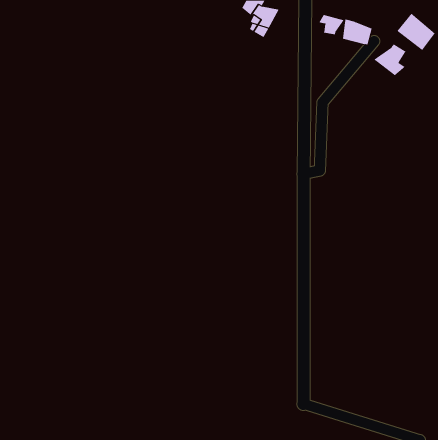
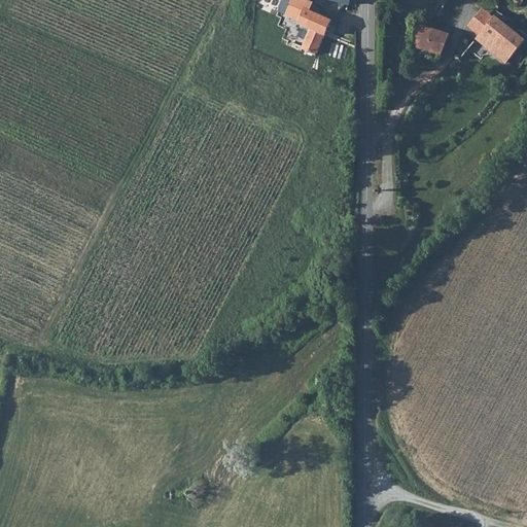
building: [319,14,345,35] -> none
building: [373,44,409,76] -> none

